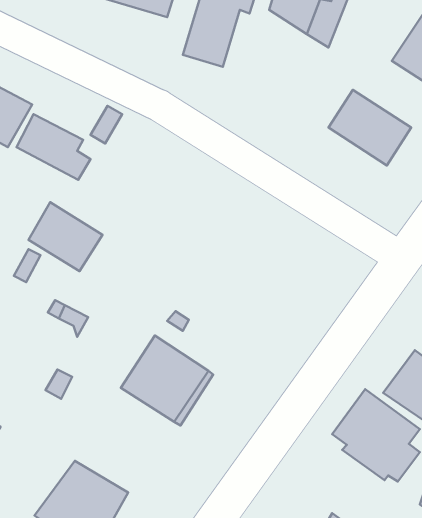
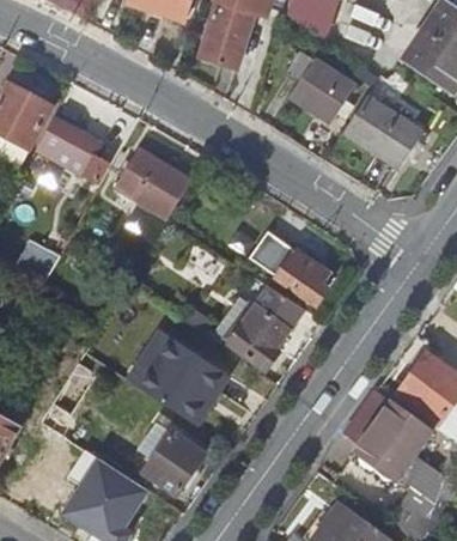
building: none -> [281,49,354,121]
building: [28,202,102,271] -> [116,151,189,219]
building: none -> [249,230,328,303]
building: none -> [215,284,300,372]
building: none -> [139,420,206,493]

